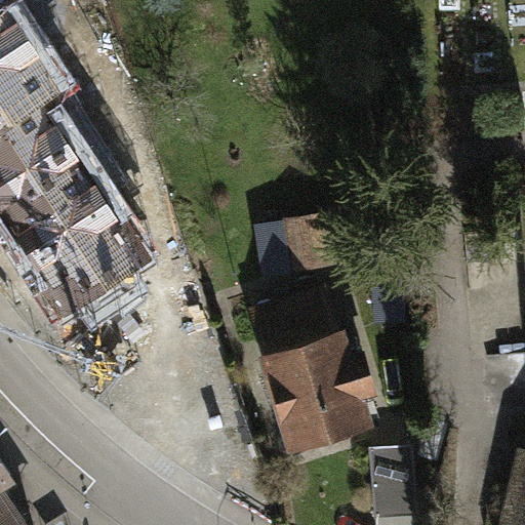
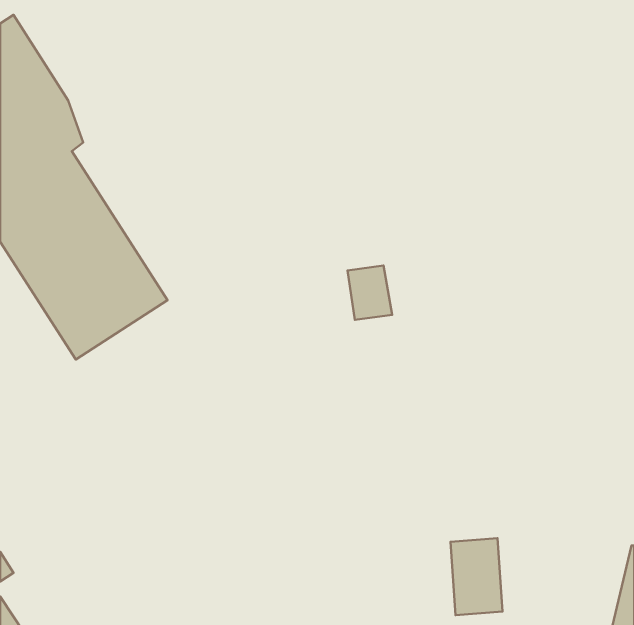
building: [254,299,372,448] -> none

